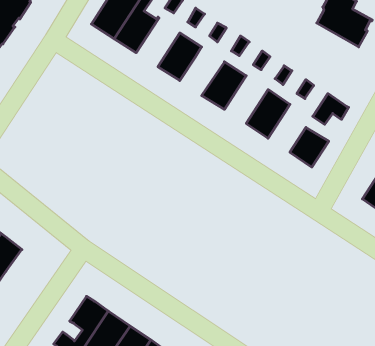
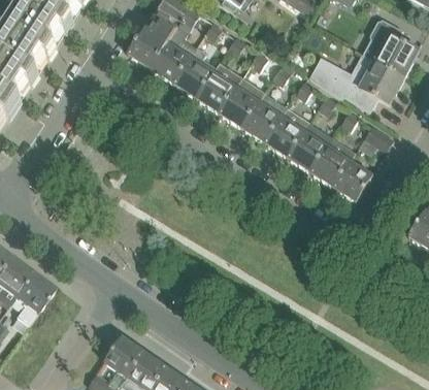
building: none -> [173,46,219,97]
building: none -> [309,52,404,111]
building: none -> [219,76,265,127]
building: none -> [265,106,310,156]
building: none -> [310,136,356,186]

